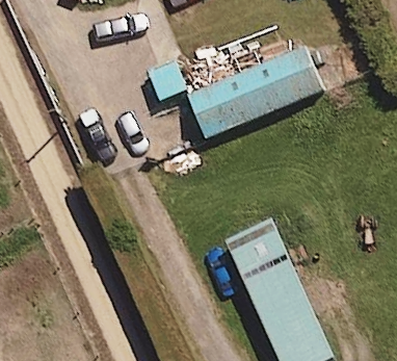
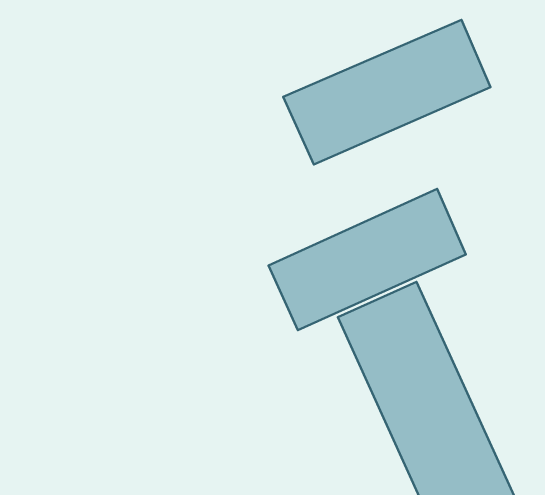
building: none -> [268,189,466,330]

